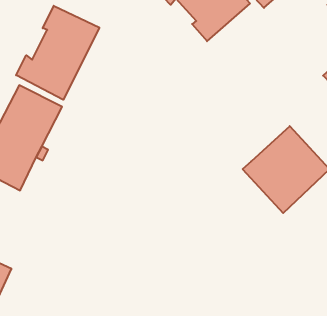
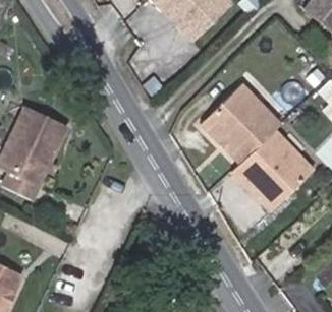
building: [16,6,99,100] -> none
building: none -> [191,69,286,165]

